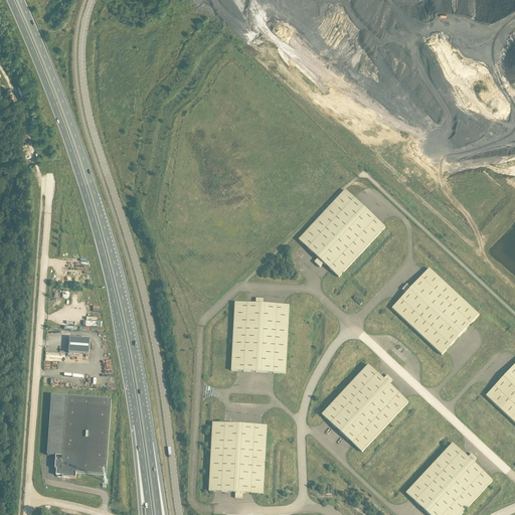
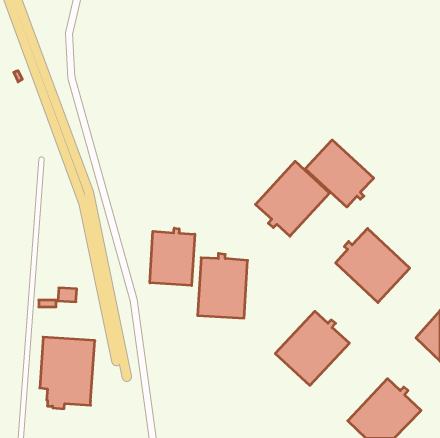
building: none -> [305,140,374,207]
building: none -> [150,228,195,286]
building: [208,421,267,497] -> none

